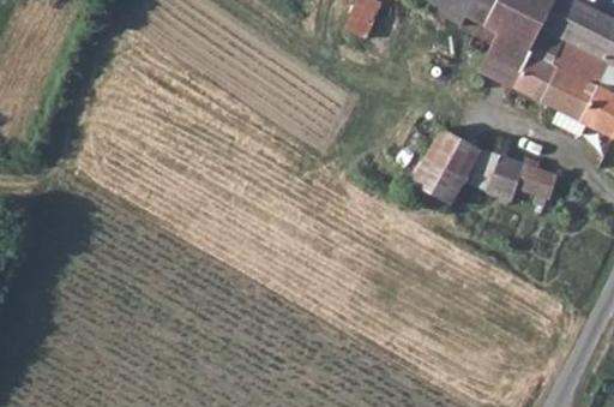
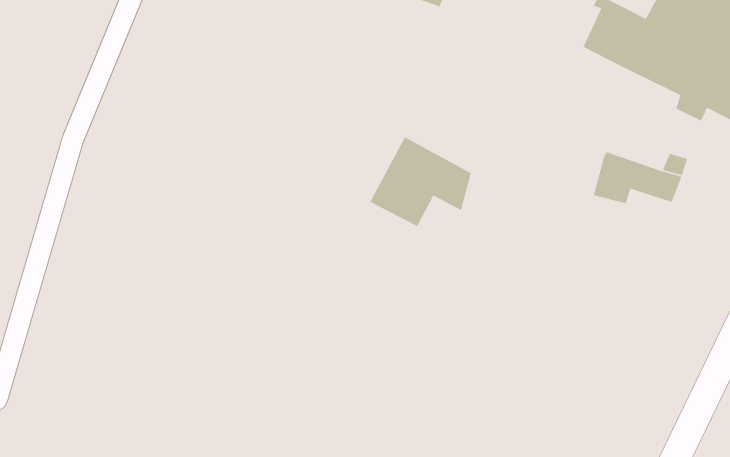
building: [415,130,499,204] -> [369,136,472,227]

